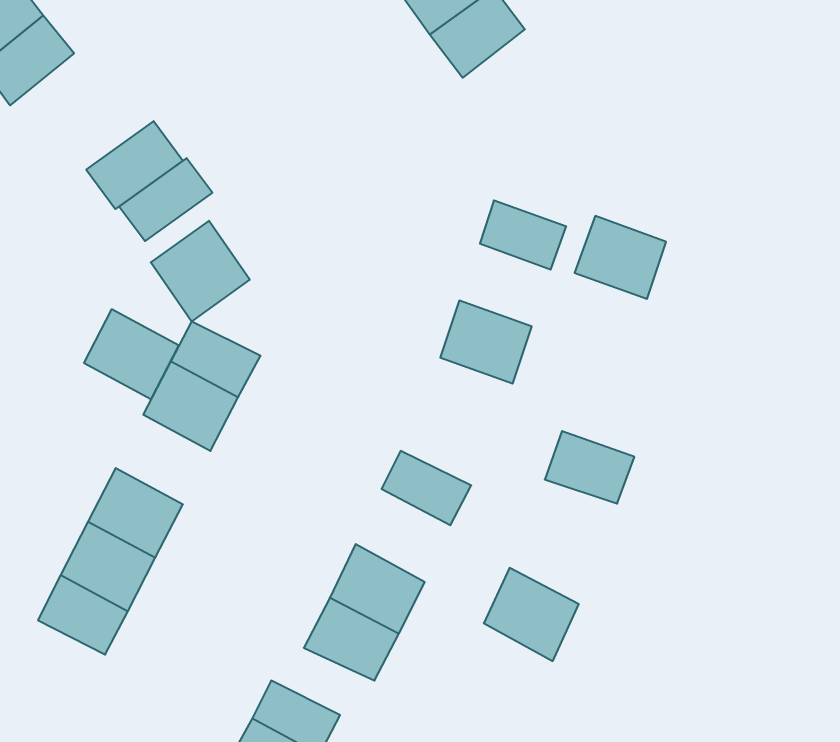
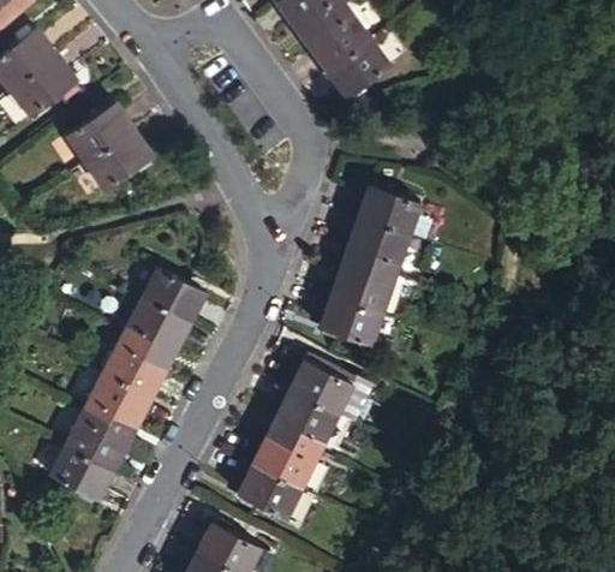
building: [119,158,212,241] -> [67,106,132,163]
building: [575,216,666,299] -> [345,215,408,273]
building: [151,221,250,321] -> none
building: [84,309,179,399] -> [106,334,172,397]
building: [545,431,634,504] -> [320,294,382,345]
building: [484,568,579,661] -> [273,386,339,451]

